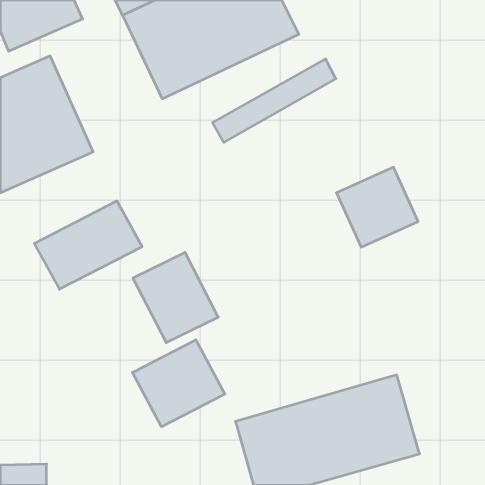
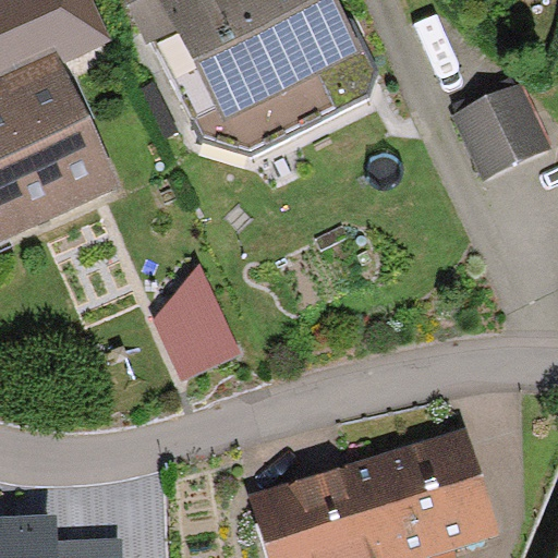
building: [336,167,418,247] -> [454,87,548,179]
building: [34,201,142,289] -> none
building: [132,340,225,427] -> none

